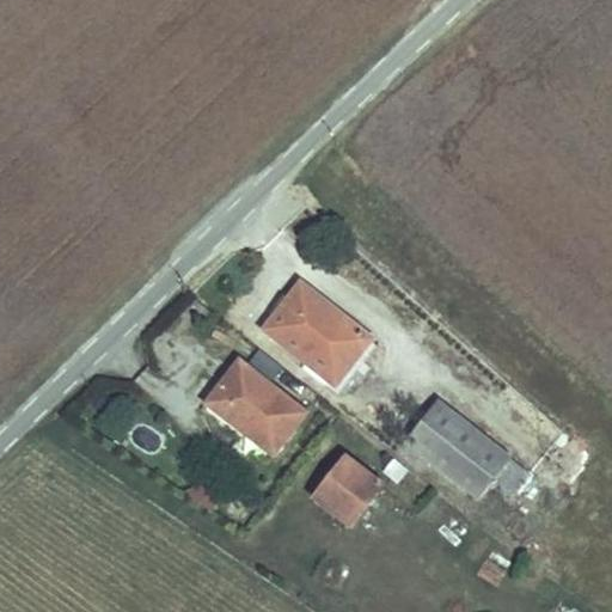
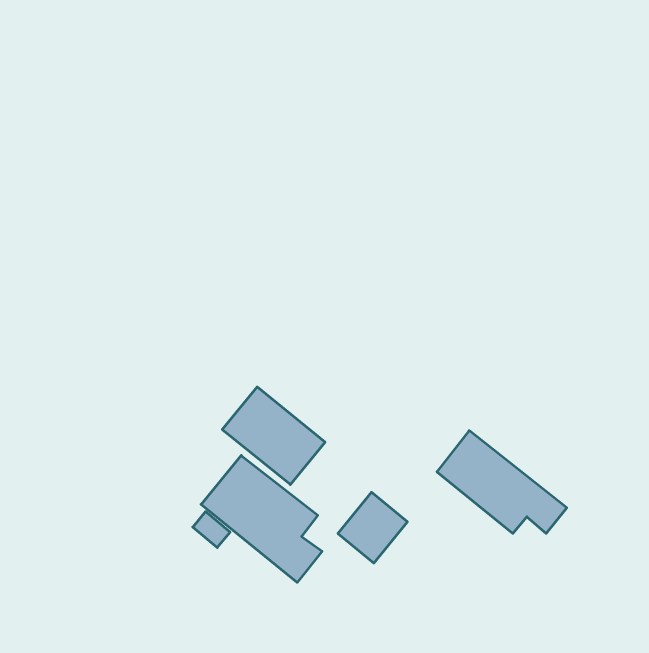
building: [261,282,368,384] -> none
building: none -> [201,455,322,582]

